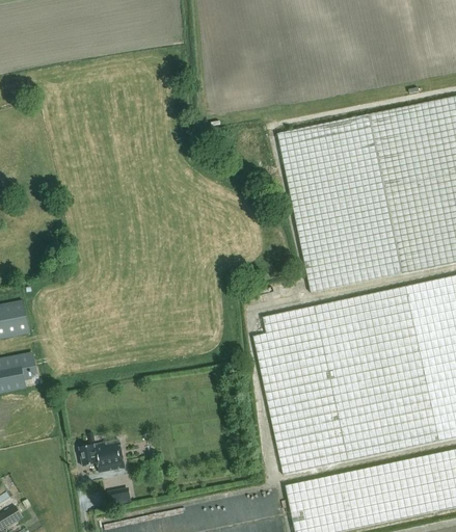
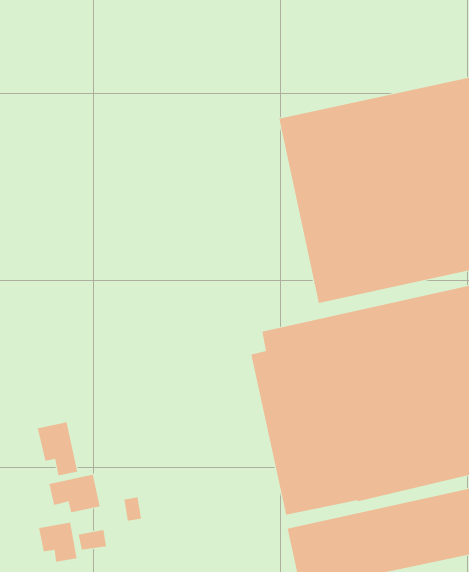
building: none -> [37,422,78,476]
building: none -> [38,522,77,562]

